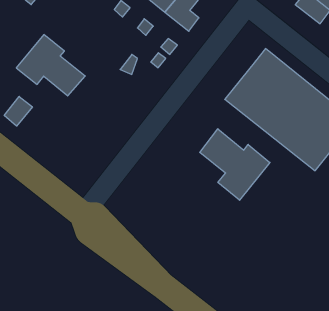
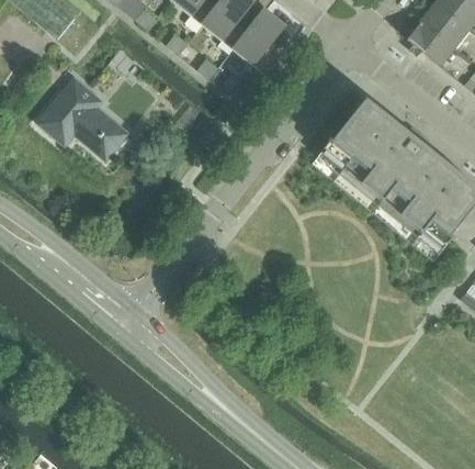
building: [4,96,32,126] -> none
building: [200,129,270,200] -> none

